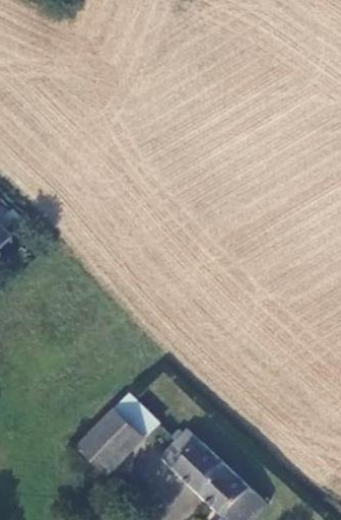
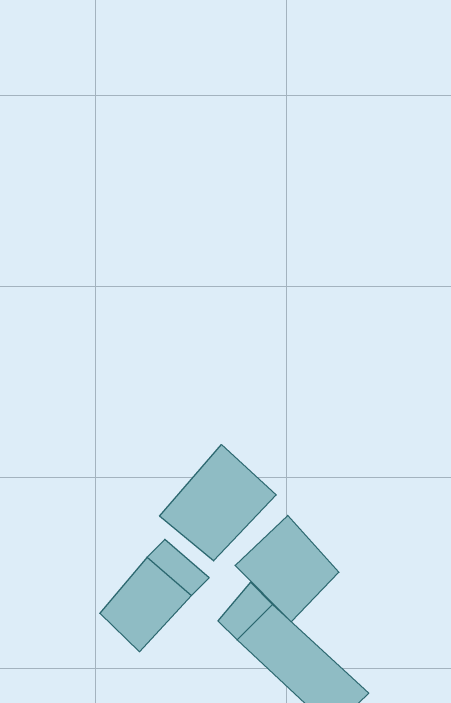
building: none -> [160,445,276,561]
building: none -> [235,515,339,622]

